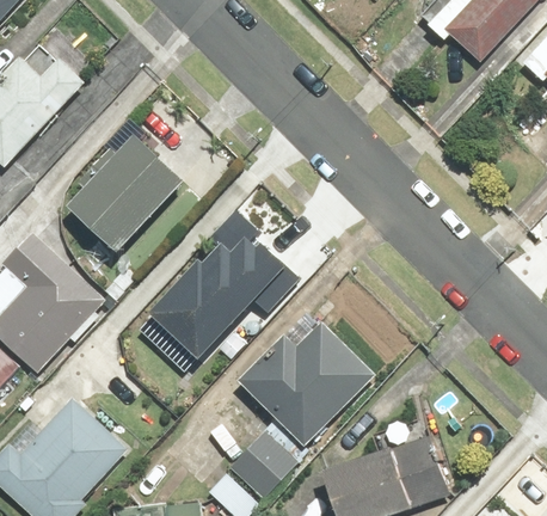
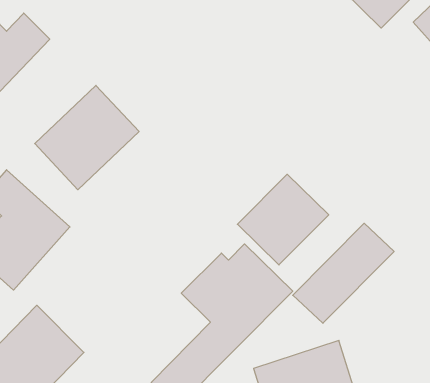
building: [145,203,293,358] -> none
building: none -> [237,174,329,265]
building: none -> [293,223,394,323]

